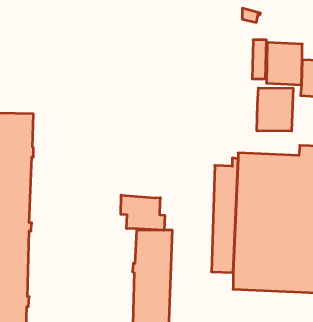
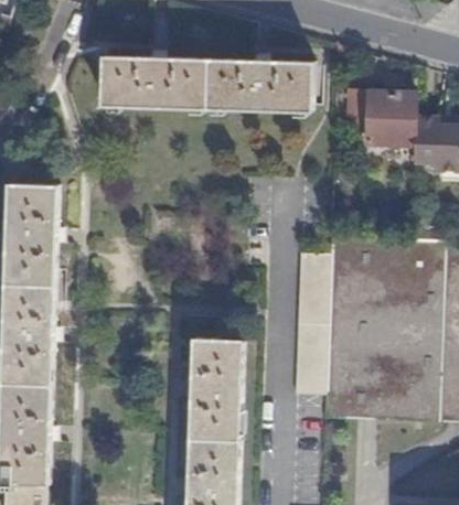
building: none -> [102,54,312,111]
building: [257,88,293,131] -> none
building: [121,195,165,230] -> none

